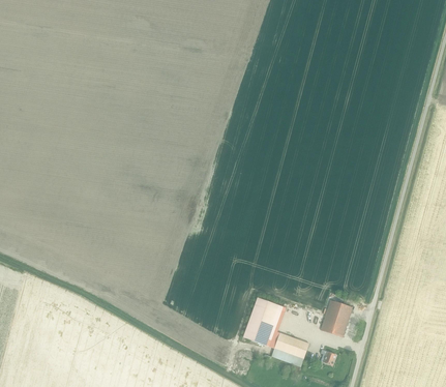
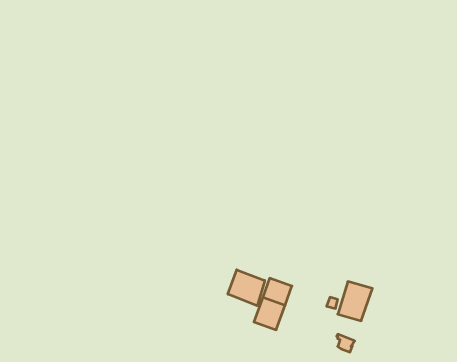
building: none -> [228,270,265,306]
building: [271,332,309,366] -> none

